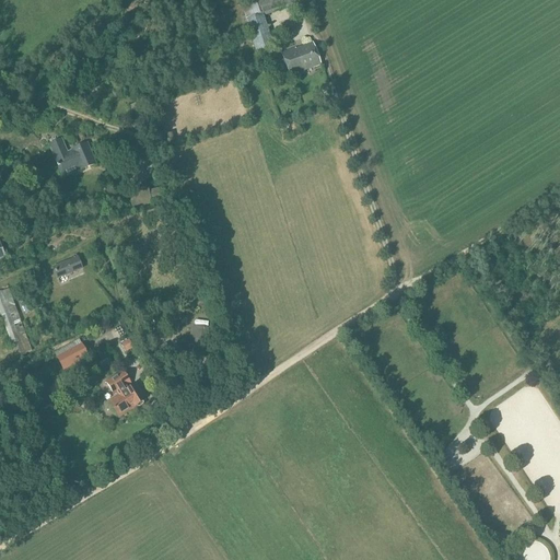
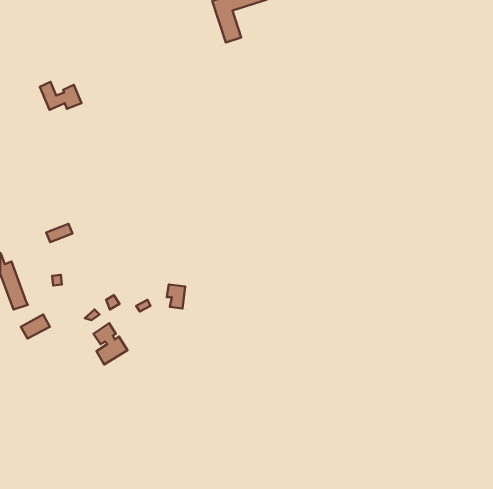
building: [281,38,322,73] -> none
building: [49,136,96,167] -> [40,82,81,110]
building: [57,339,90,366] -> [21,314,50,339]

